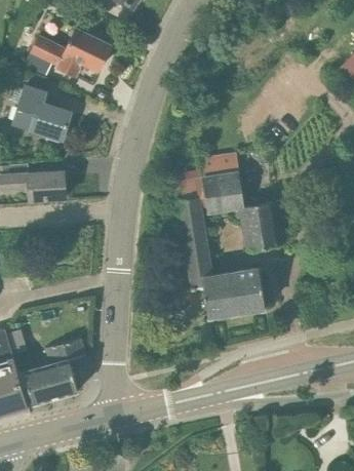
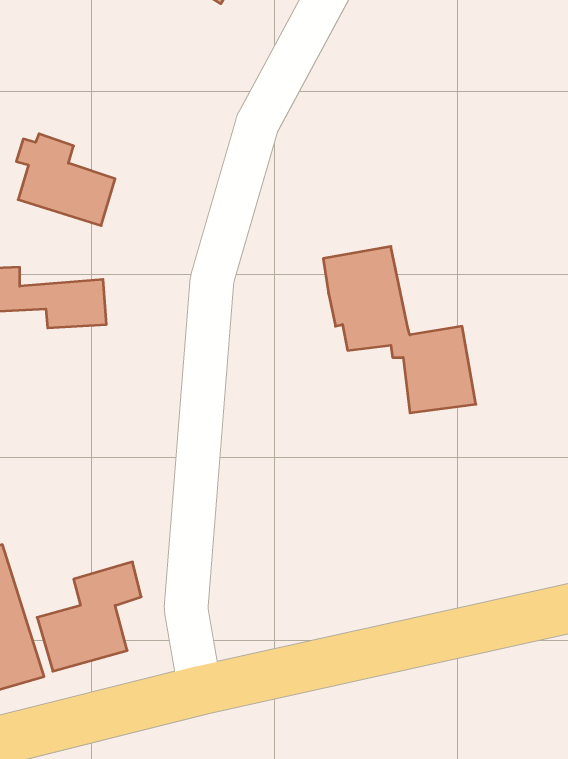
building: [26,29,111,76] -> none
building: [174,180,266,316] -> none

